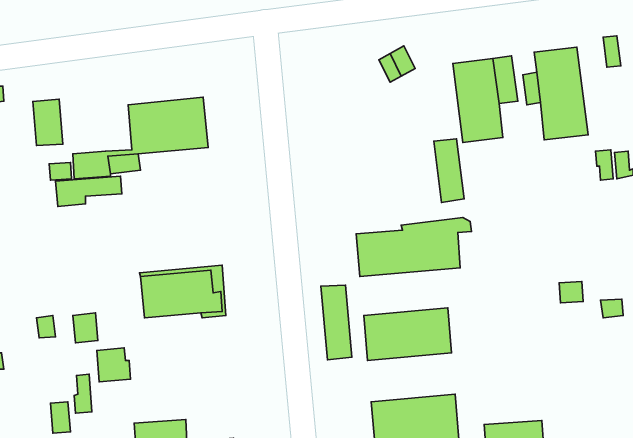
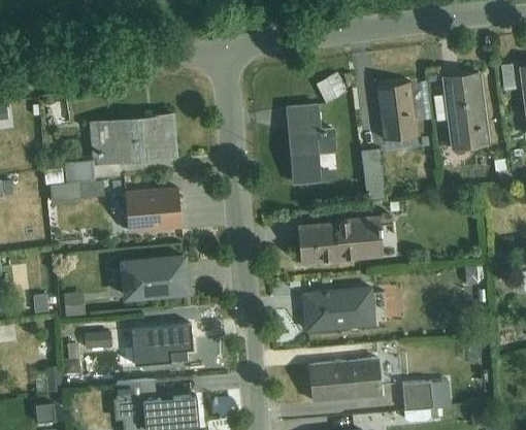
building: none -> [287,105,337,184]
building: [33,99,63,145] -> [88,121,112,159]
building: none -> [125,189,182,230]
building: [321,285,352,360] -> none
building: none -> [124,325,192,365]

